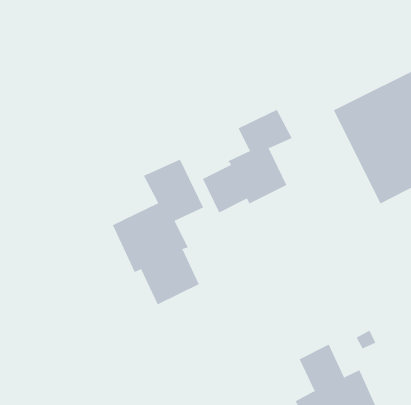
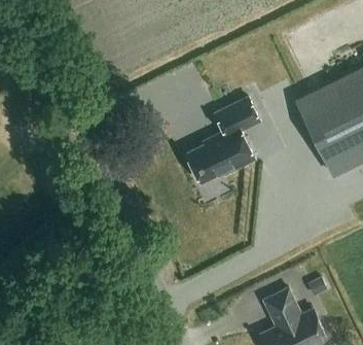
building: [112,159,204,305] -> none

